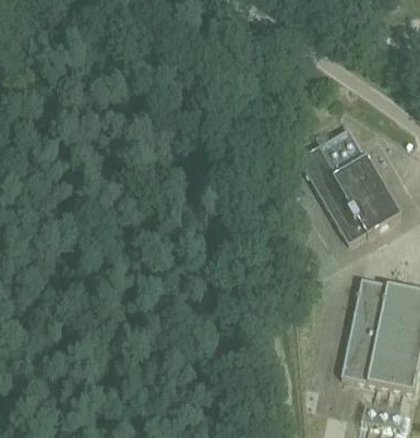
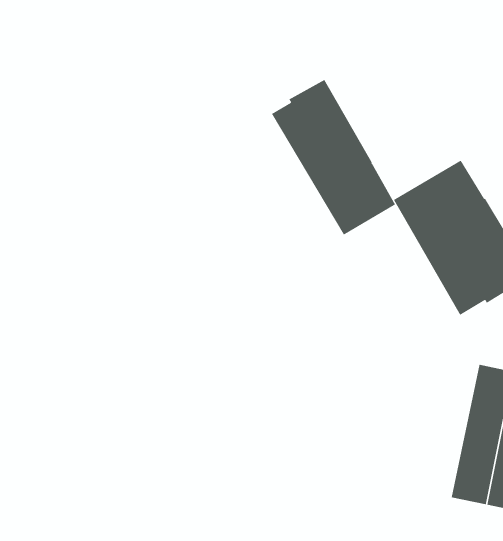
building: none -> [271,79,396,235]

